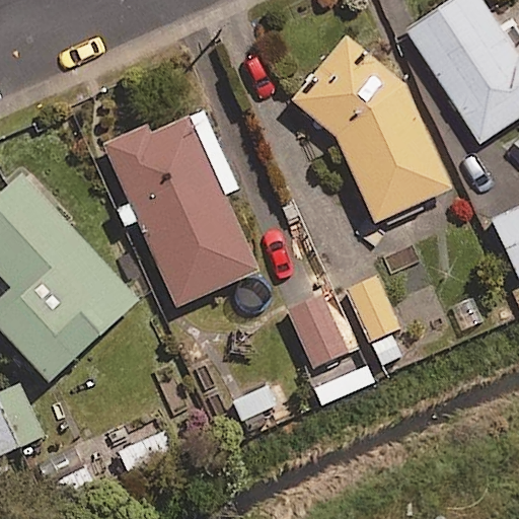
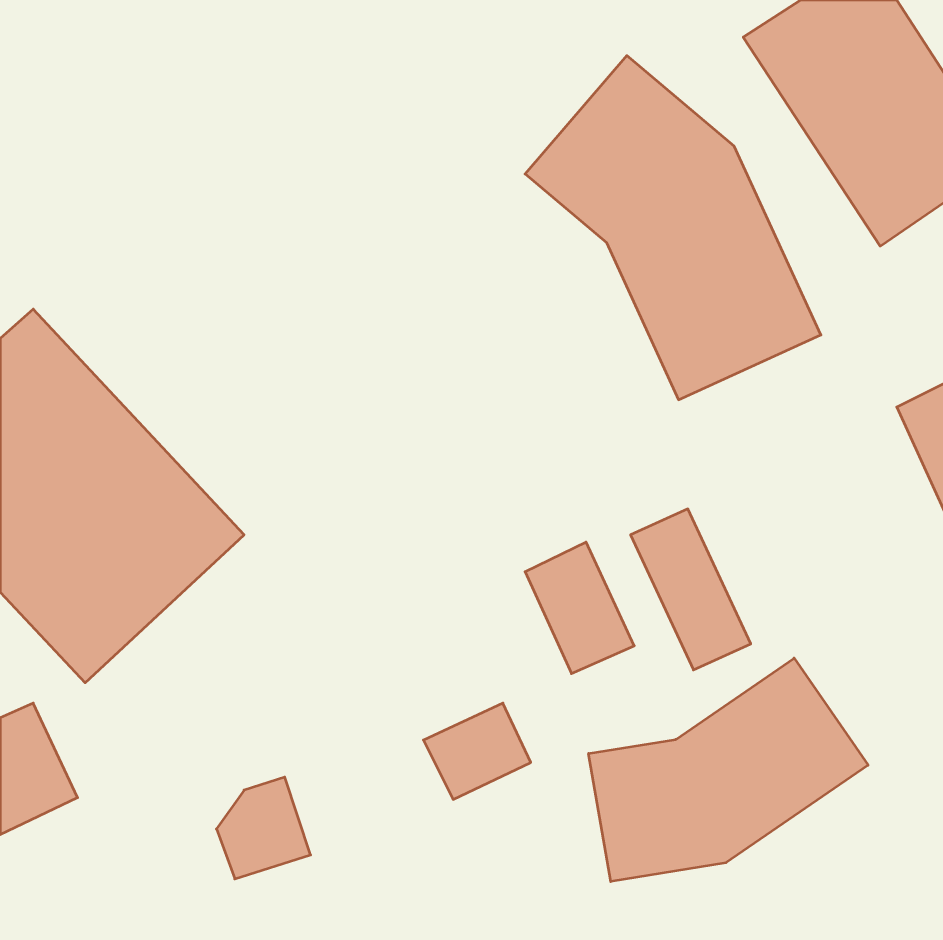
building: [101,115,256,305] -> none
building: none -> [589,658,868,882]

